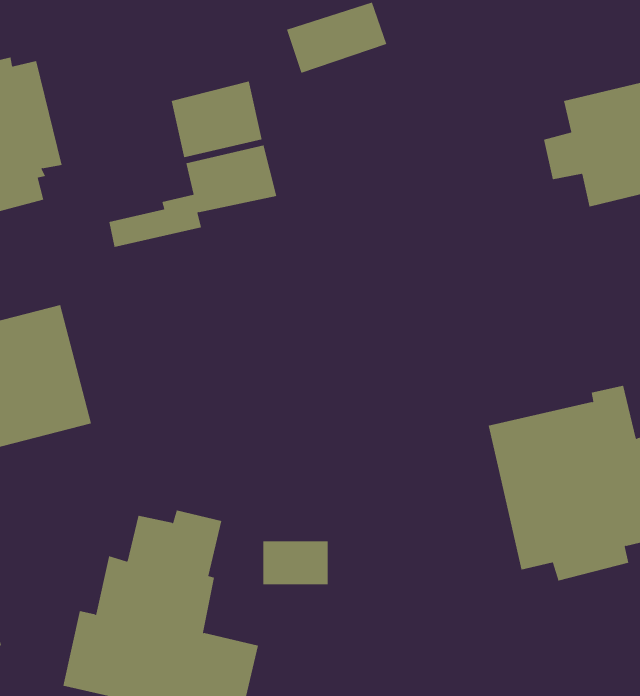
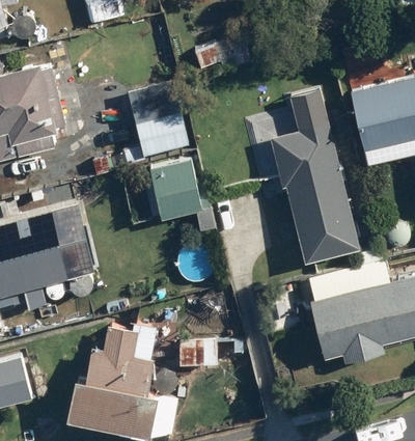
building: none -> [273,91,359,264]
building: none -> [149,157,205,226]

